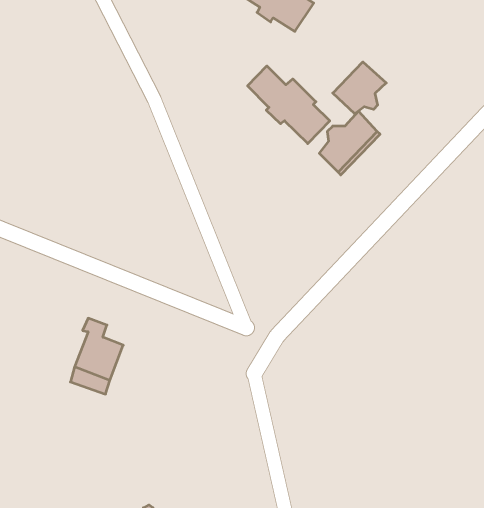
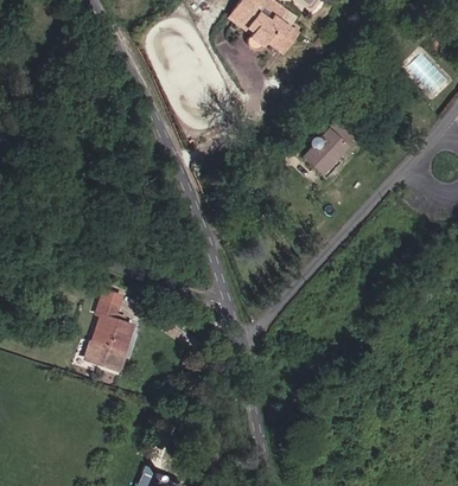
building: [333,62,386,114] -> none
building: [248,66,330,144] -> none

